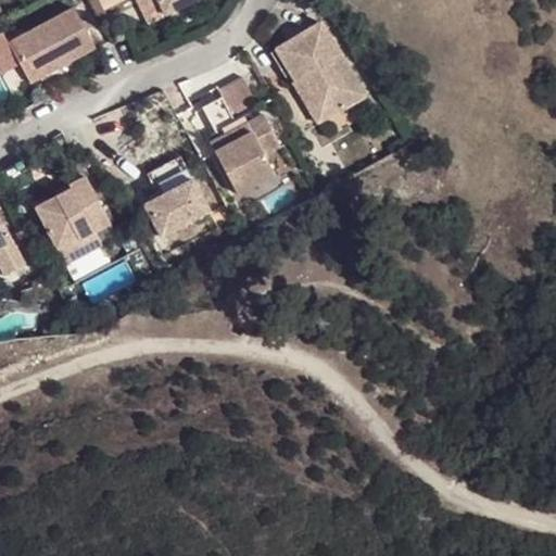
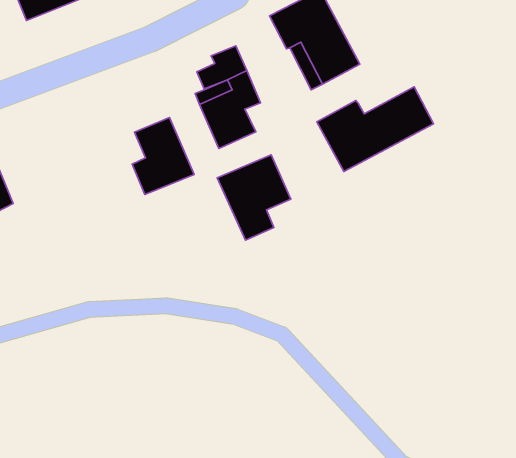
building: none -> [317,87,434,171]
building: [34,181,112,270] -> none
building: none -> [217,155,291,240]

